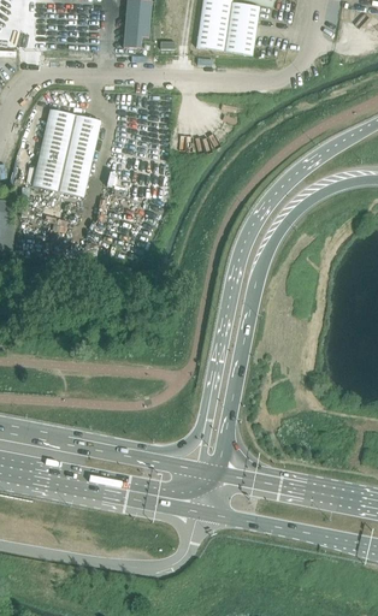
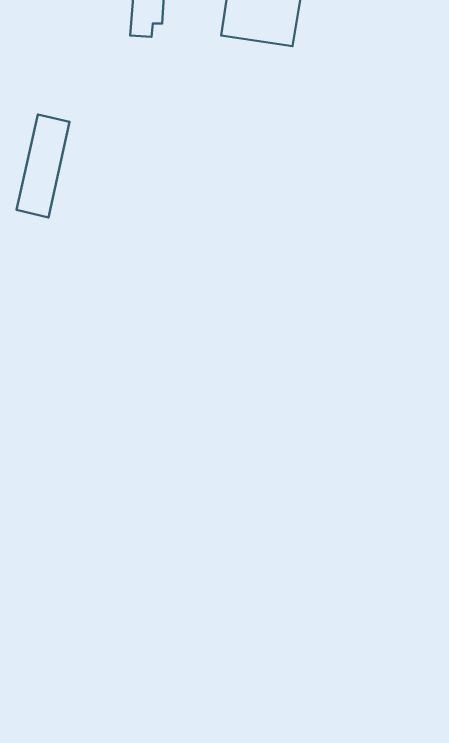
building: [59,114,101,195] -> none

